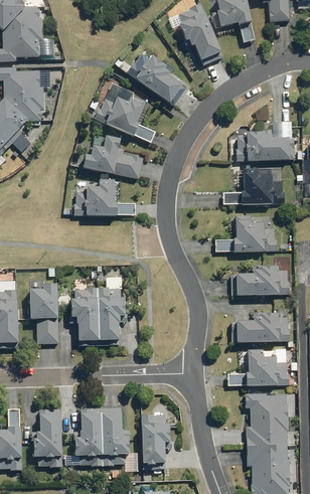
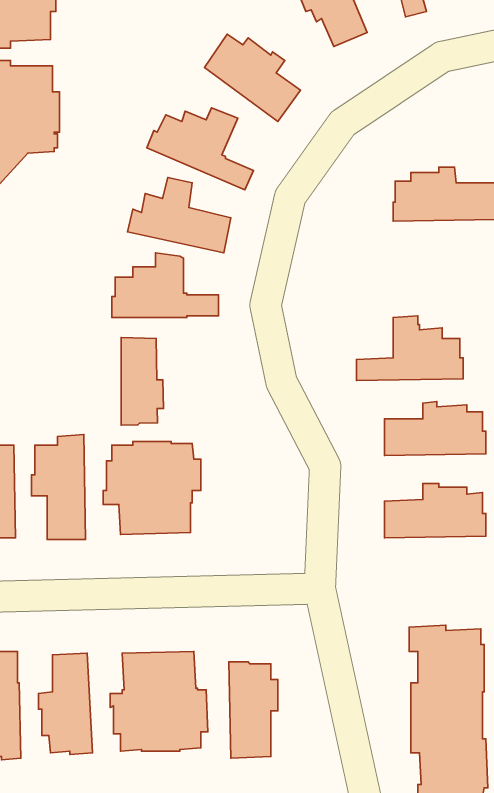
building: [222,167,284,204] -> none
building: none -> [121,337,163,425]
building: [226,348,289,385] -> none

